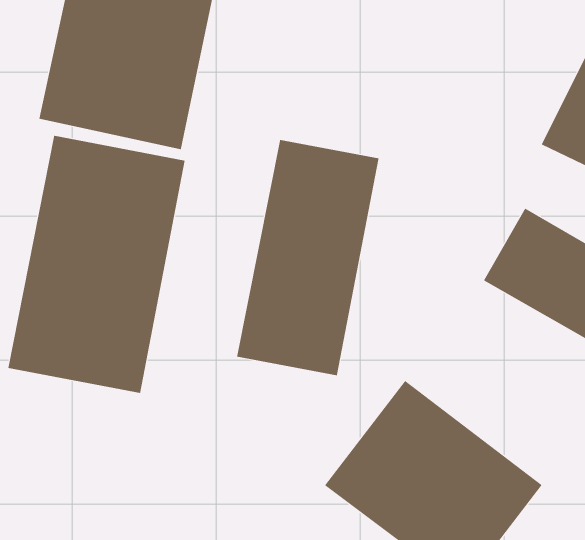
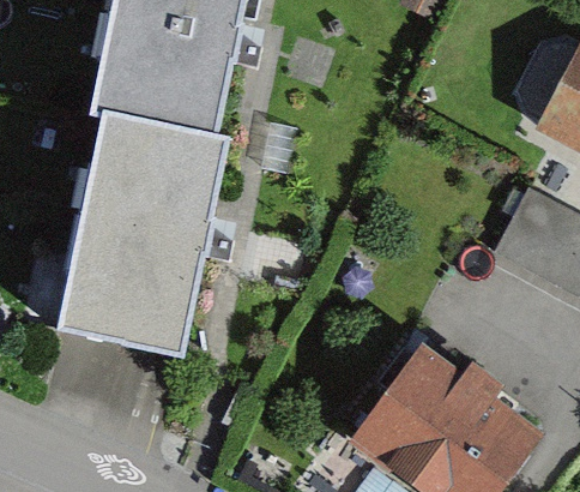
building: [236,139,379,376] -> none

